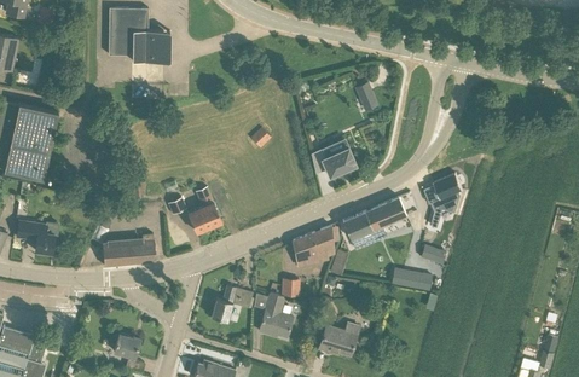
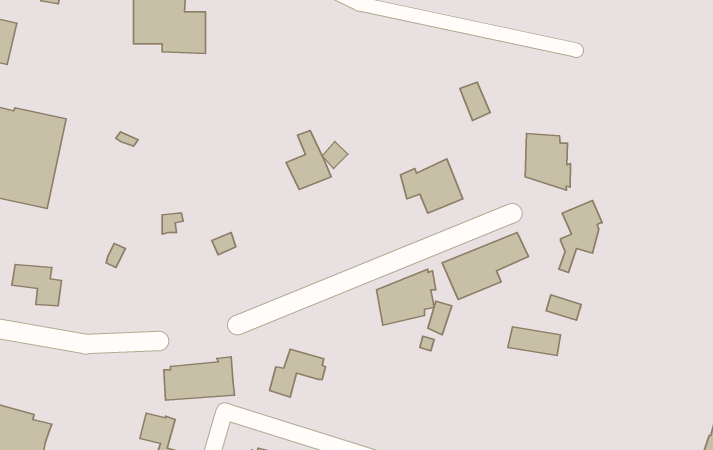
building: none -> [525,134,571,190]
building: [186,187,220,232] -> [286,131,331,190]
building: [102,233,155,266] -> [164,357,234,400]
building: [253,291,291,337] -> none
building: [318,321,358,355] -> none

